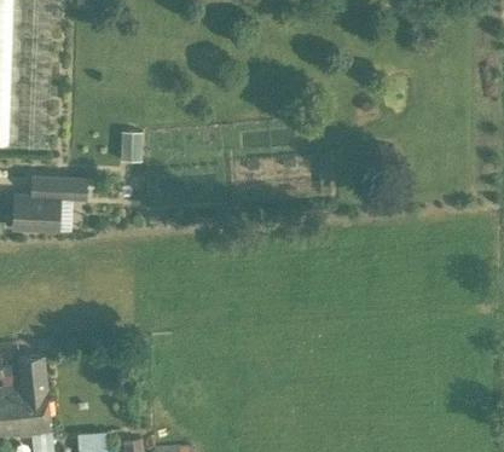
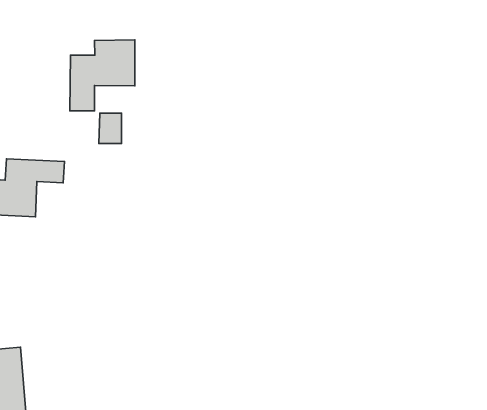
building: none -> [70,40,135,111]

